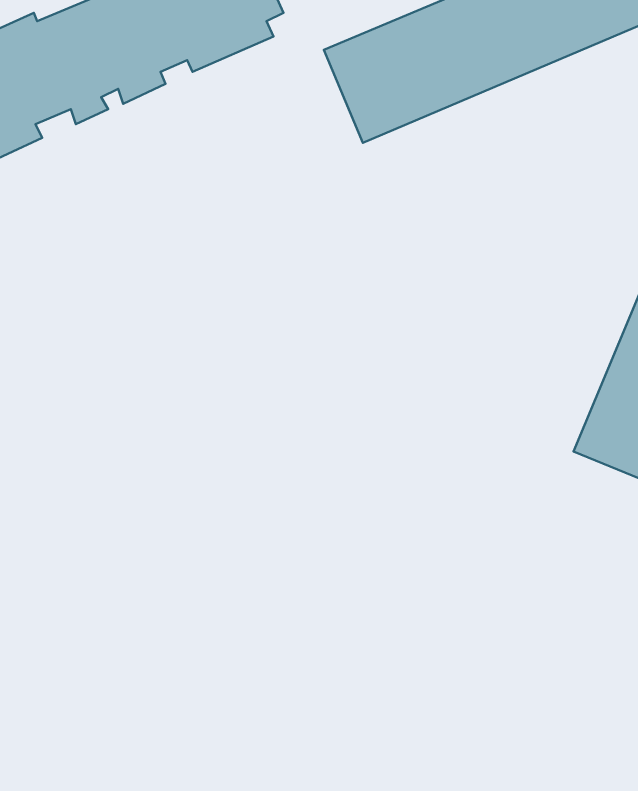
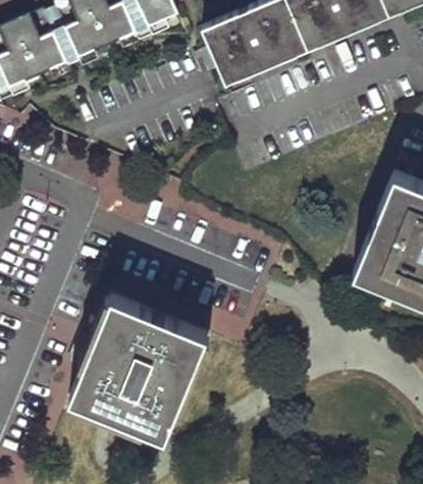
building: none -> [69,299,206,439]

